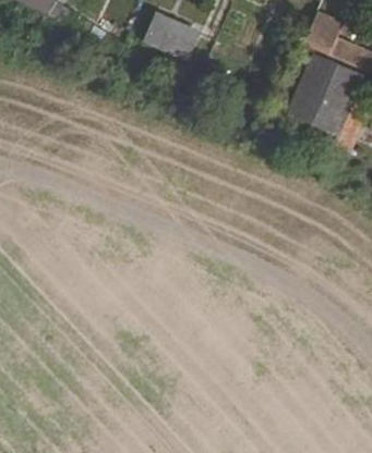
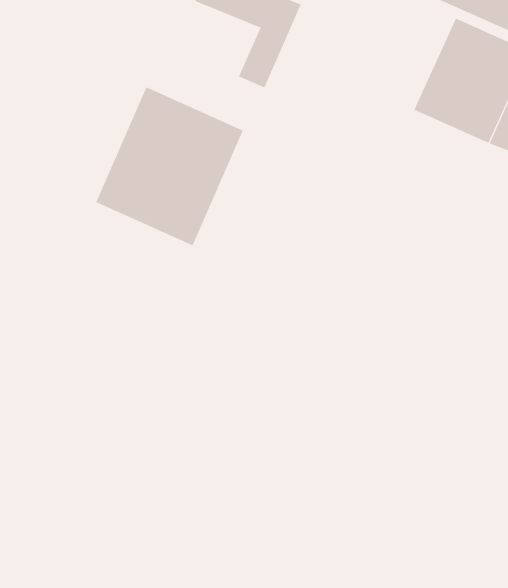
building: none -> [95,86,244,246]

